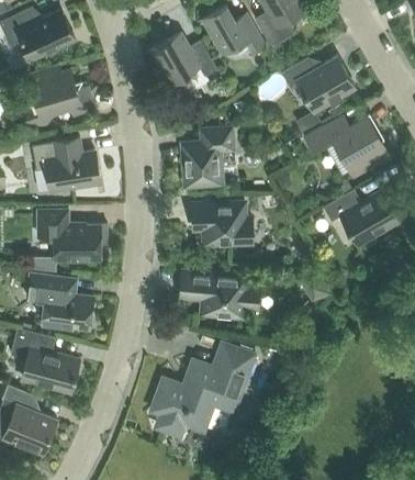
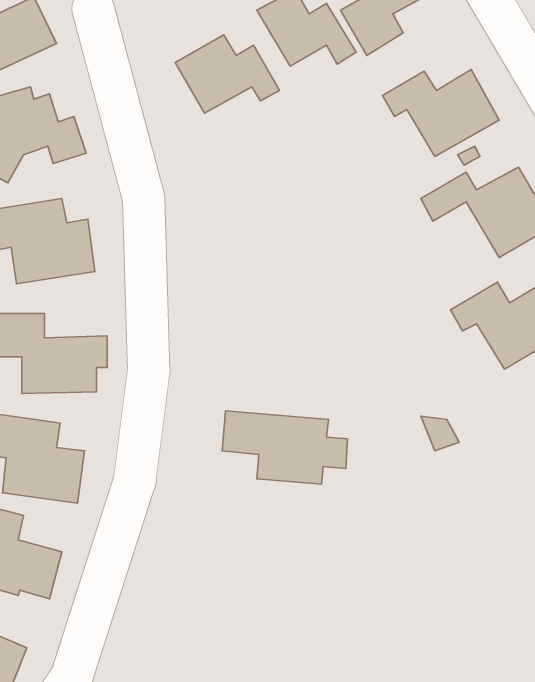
building: [182,129,234,187] -> none
building: [192,200,253,245] -> none
building: [152,345,254,436] -> none

